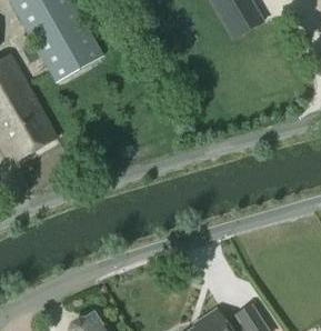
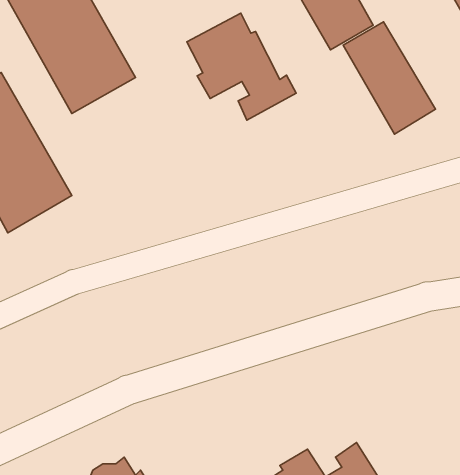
building: none -> [187,13,296,120]
building: none -> [343,22,436,134]

